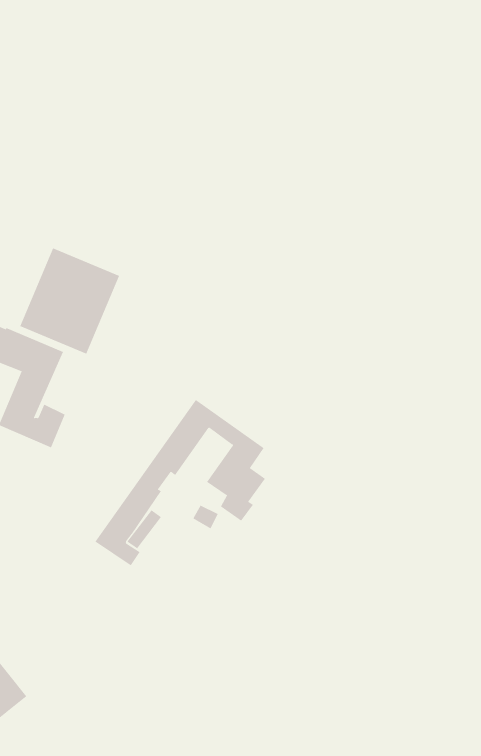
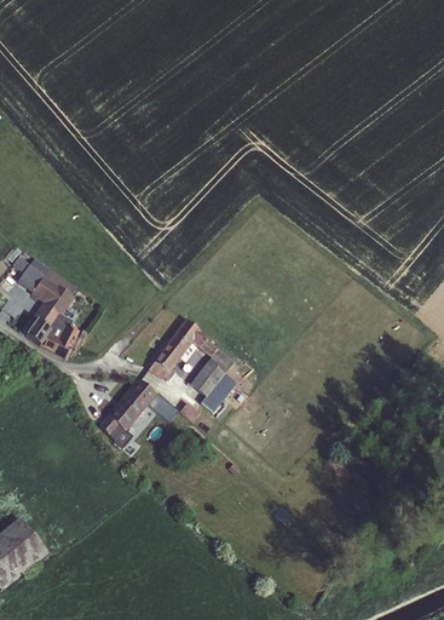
building: [20,247,120,355] -> none

